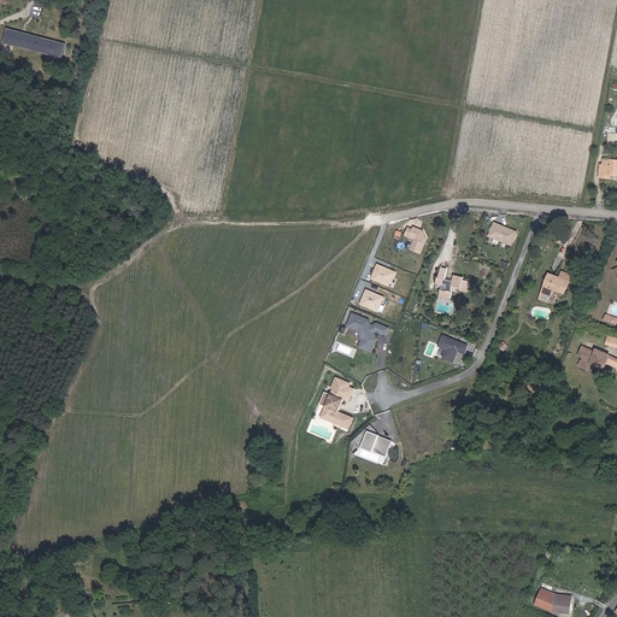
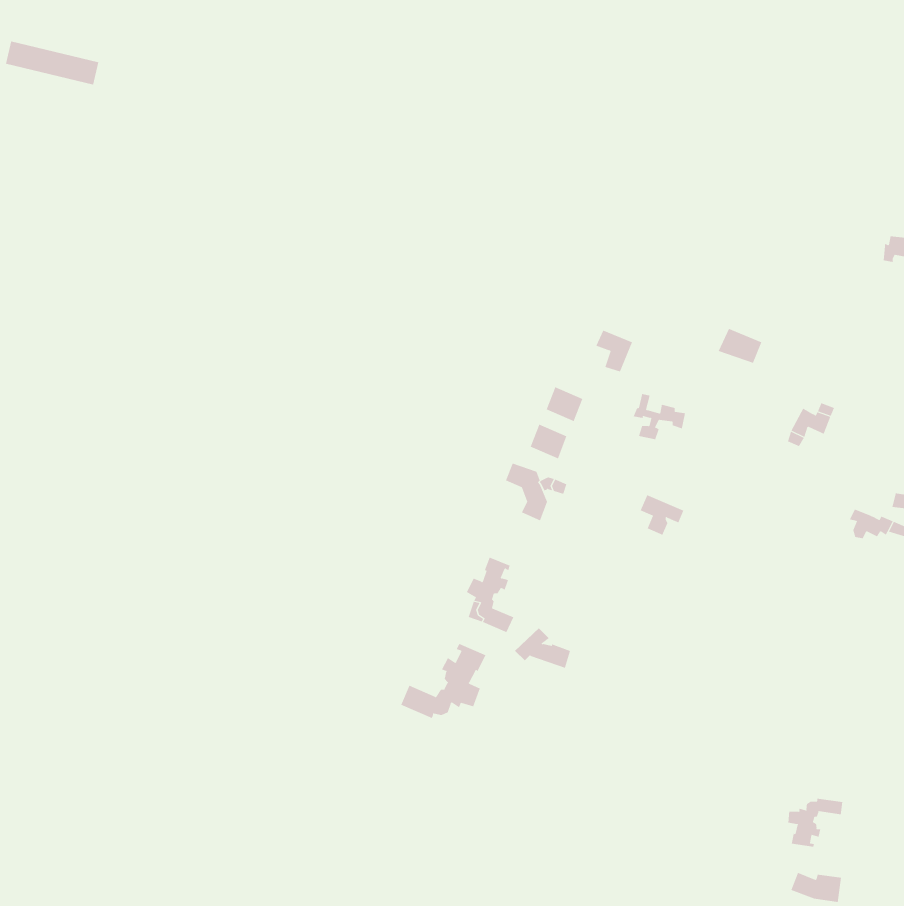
building: none -> [401,643,486,719]
building: none -> [788,798,843,848]

